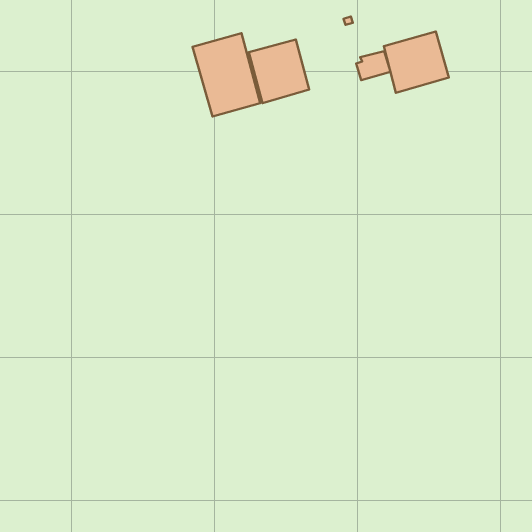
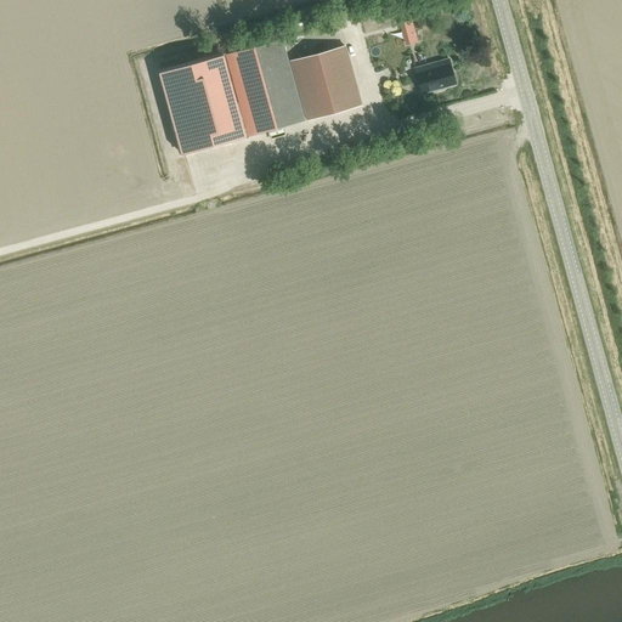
building: [384,31,449,93] -> none
building: none -> [159,55,248,154]

